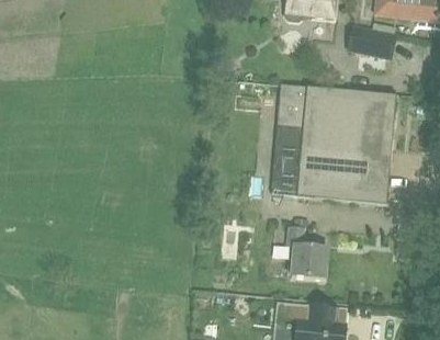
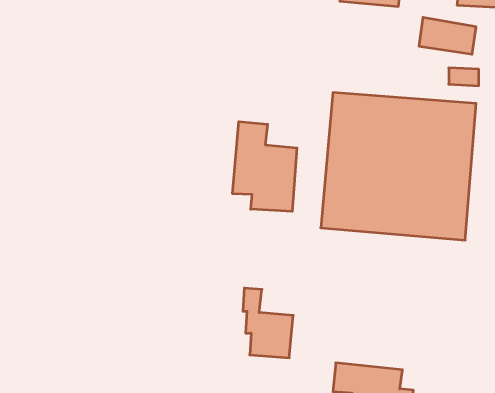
building: none -> [233,122,297,211]
building: [289,226,329,282] -> [243,288,293,358]

